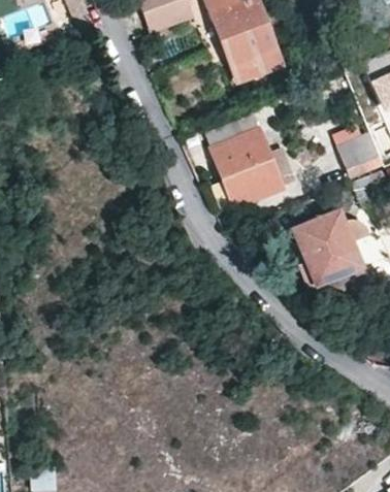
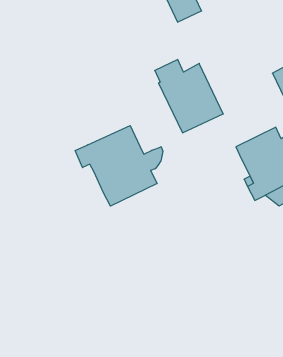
building: none -> [75,126,163,206]

